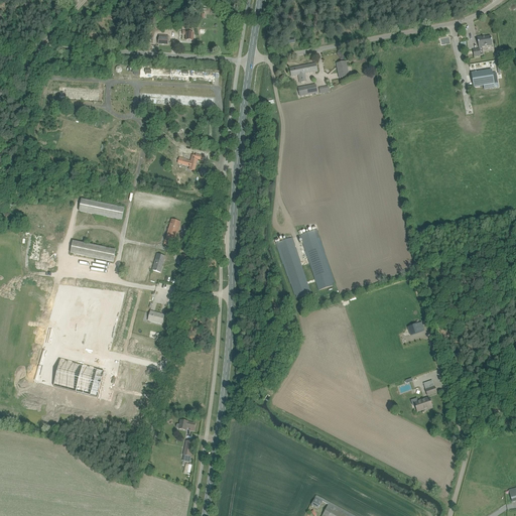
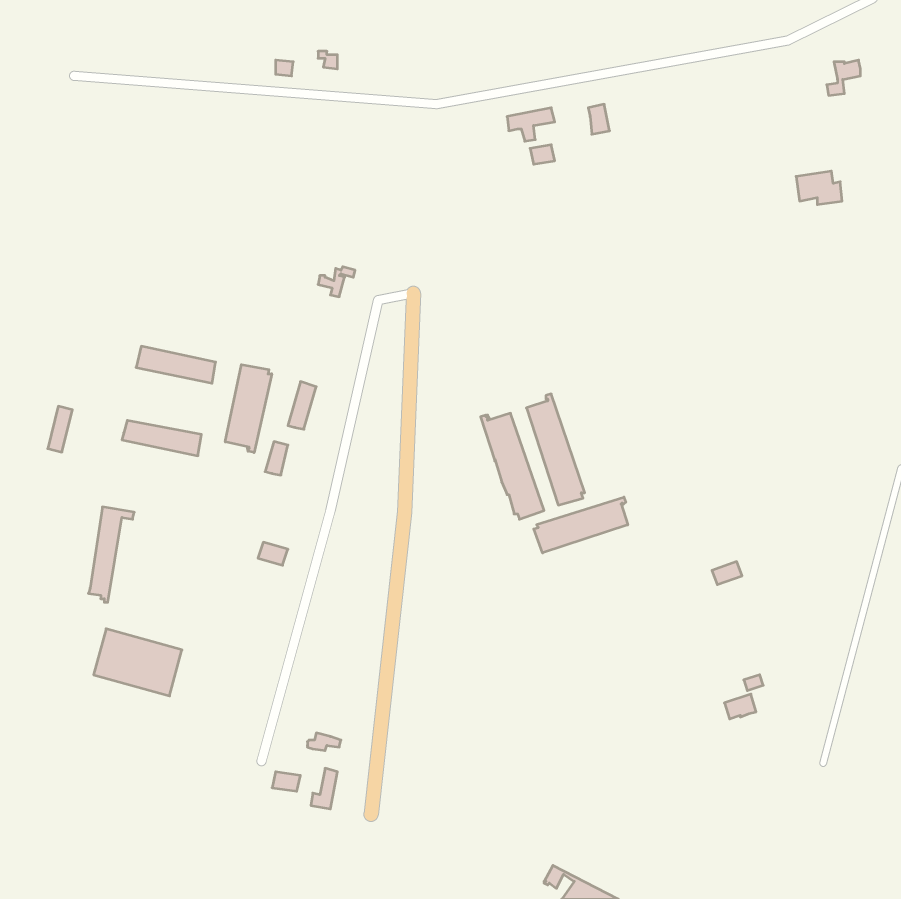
building: [471,69,497,88] -> [796,171,842,205]
building: none -> [225,365,272,453]
building: none -> [534,497,628,553]

